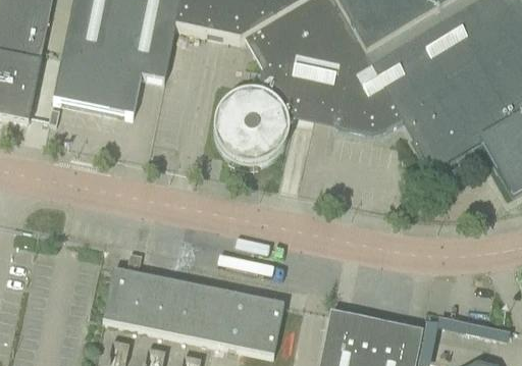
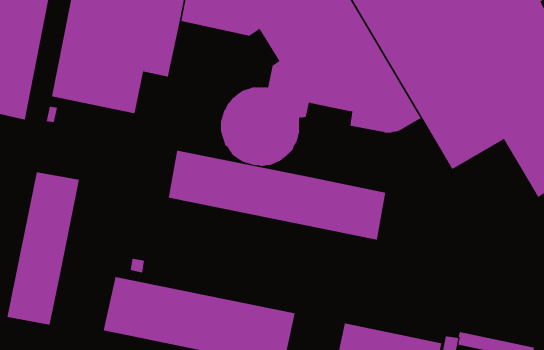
building: none -> [168,150,386,240]
building: none -> [7,171,79,326]

